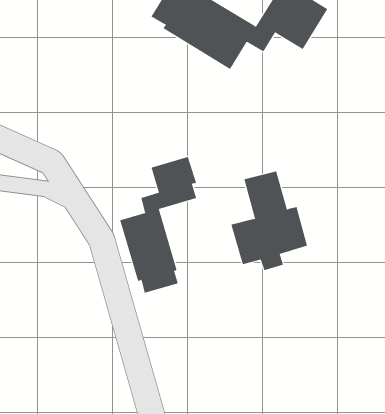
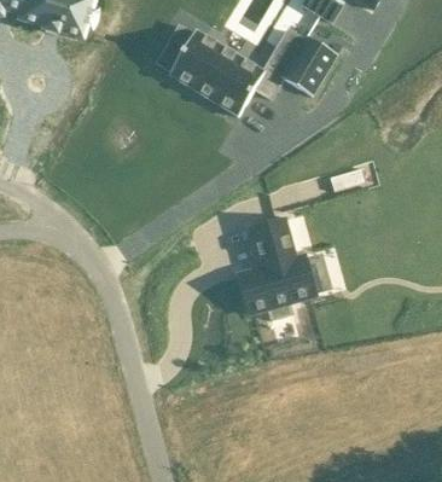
building: [120,156,197,294] -> none

